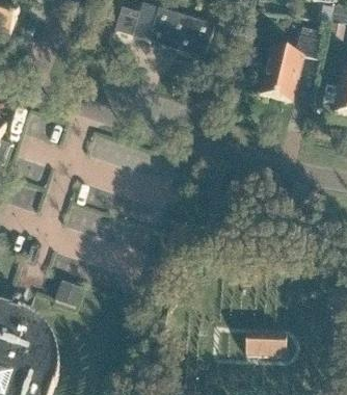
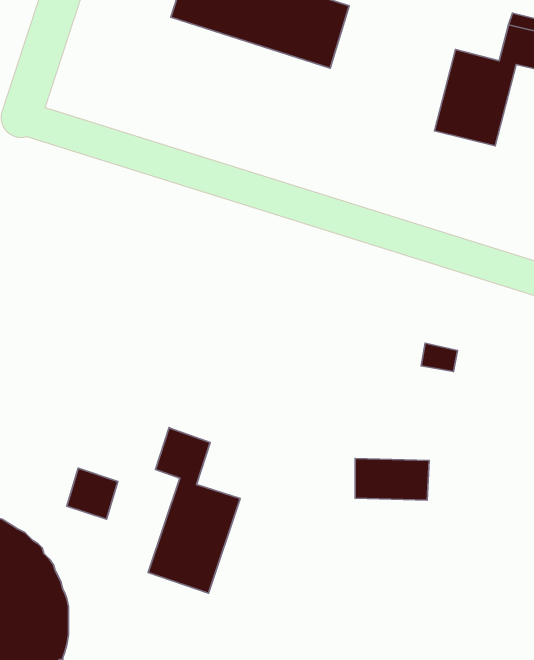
building: none -> [148,427,240,593]
building: [245,331,286,353] -> [355,458,429,500]

